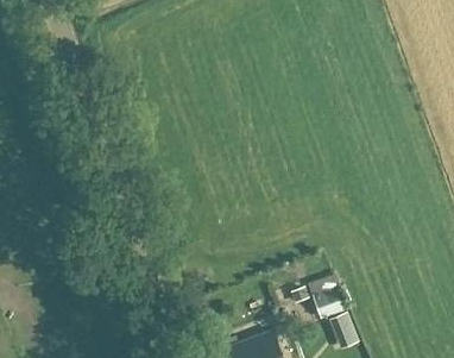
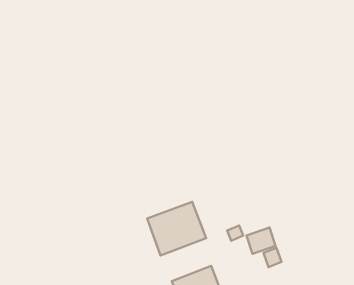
building: none -> [147,202,206,256]

